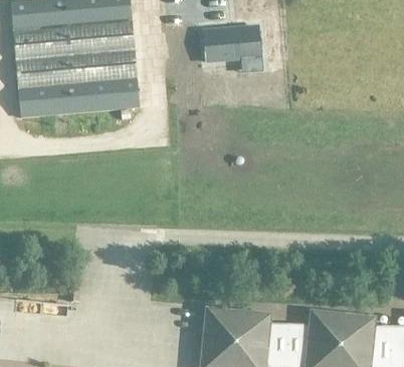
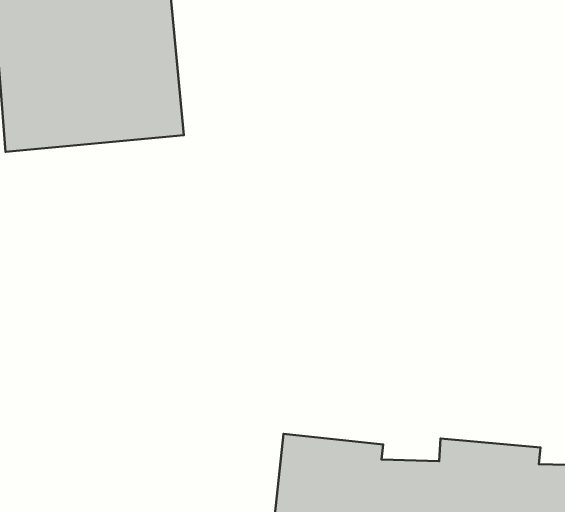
building: [203,26,260,60] -> none

